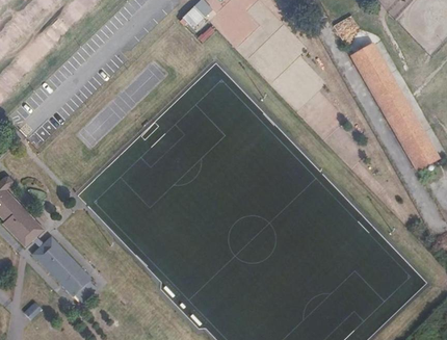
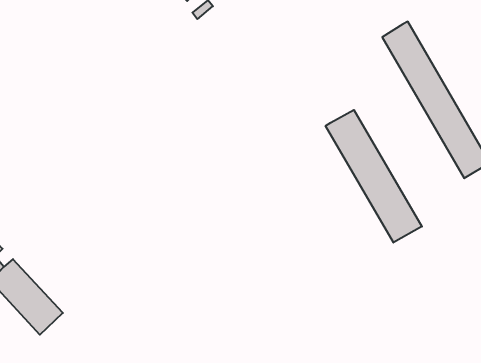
building: none -> [326,110,422,243]

